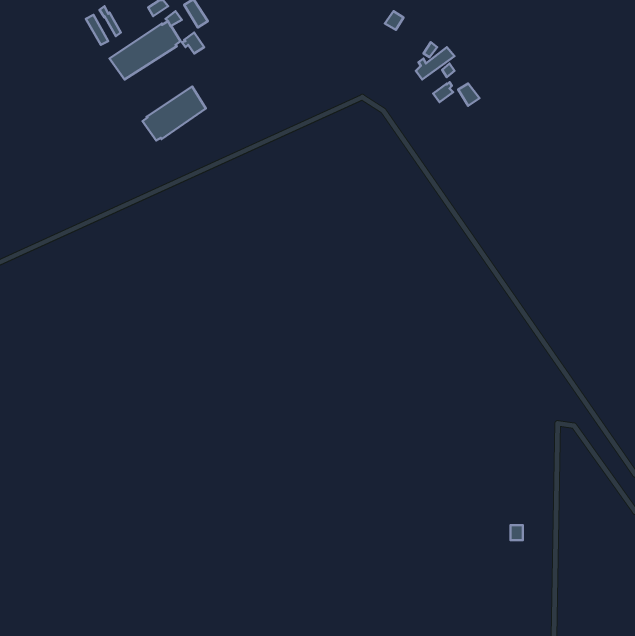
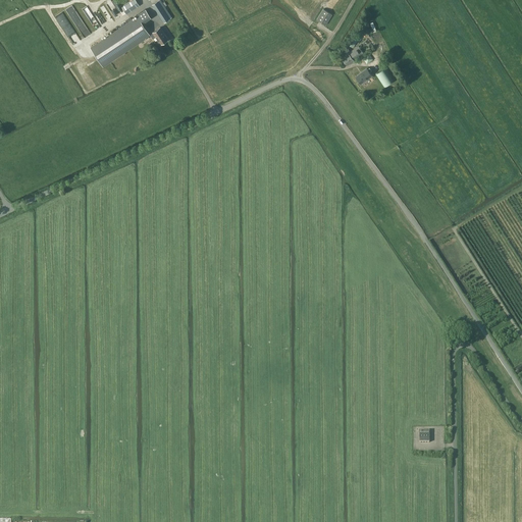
building: [142,87,206,140] -> none

